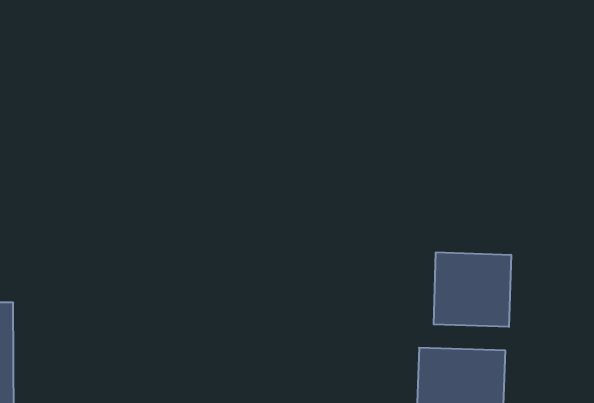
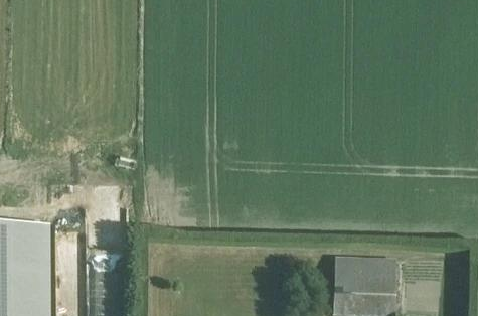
building: [434,252,511,327] -> none

